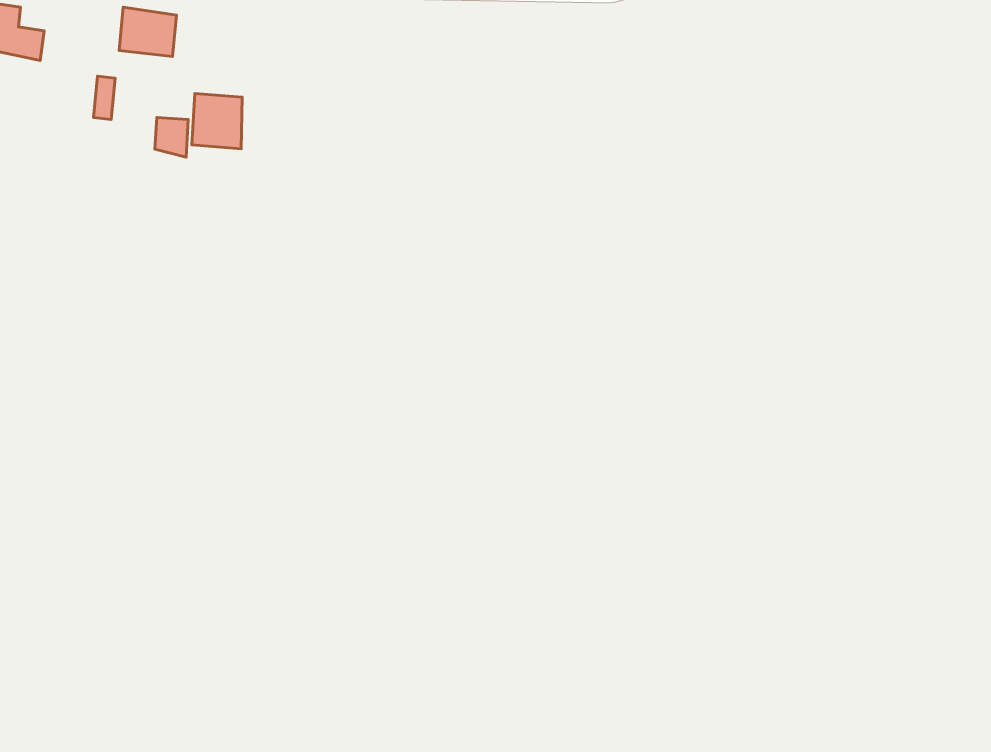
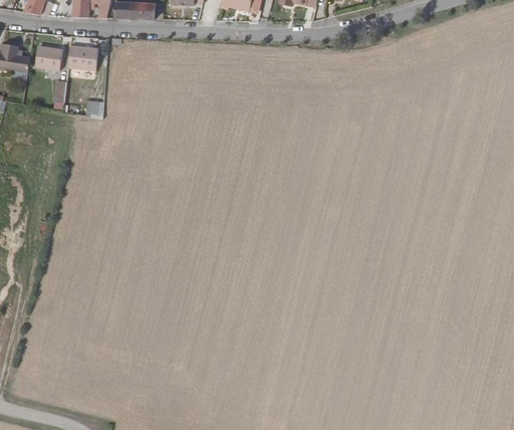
building: none -> [35,46,61,70]
building: [192,94,242,149] -> none

